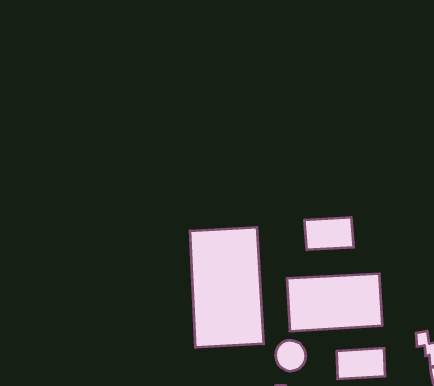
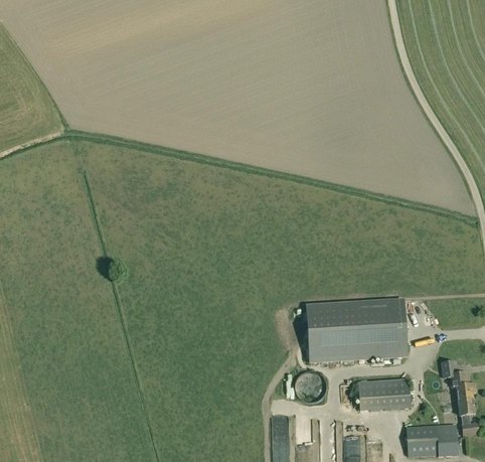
building: [305,217,354,250] -> none
building: [190,227,264,348] -> none

